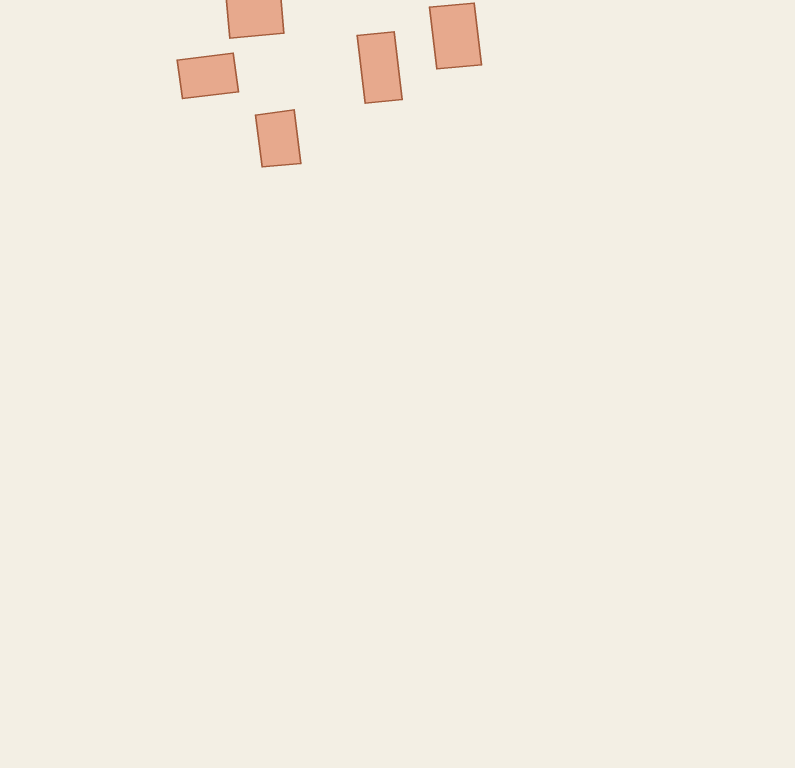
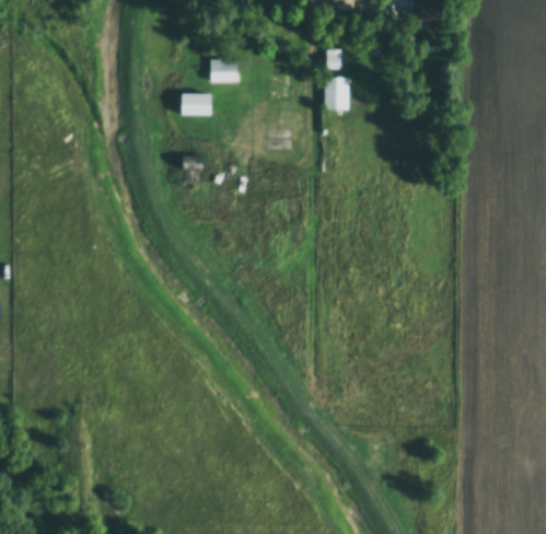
building: [357,32,402,103] -> none
building: [256,110,301,167] -> [181,158,204,188]

